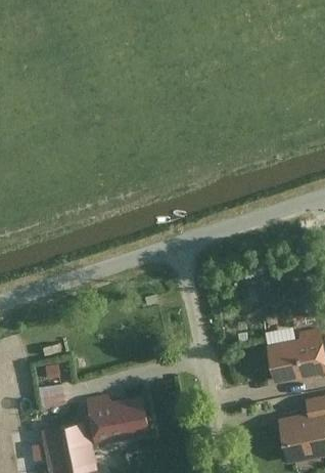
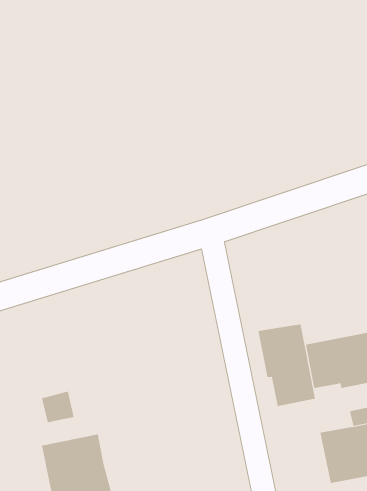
building: none -> [258,323,316,407]
building: [85,395,149,445] -> none

